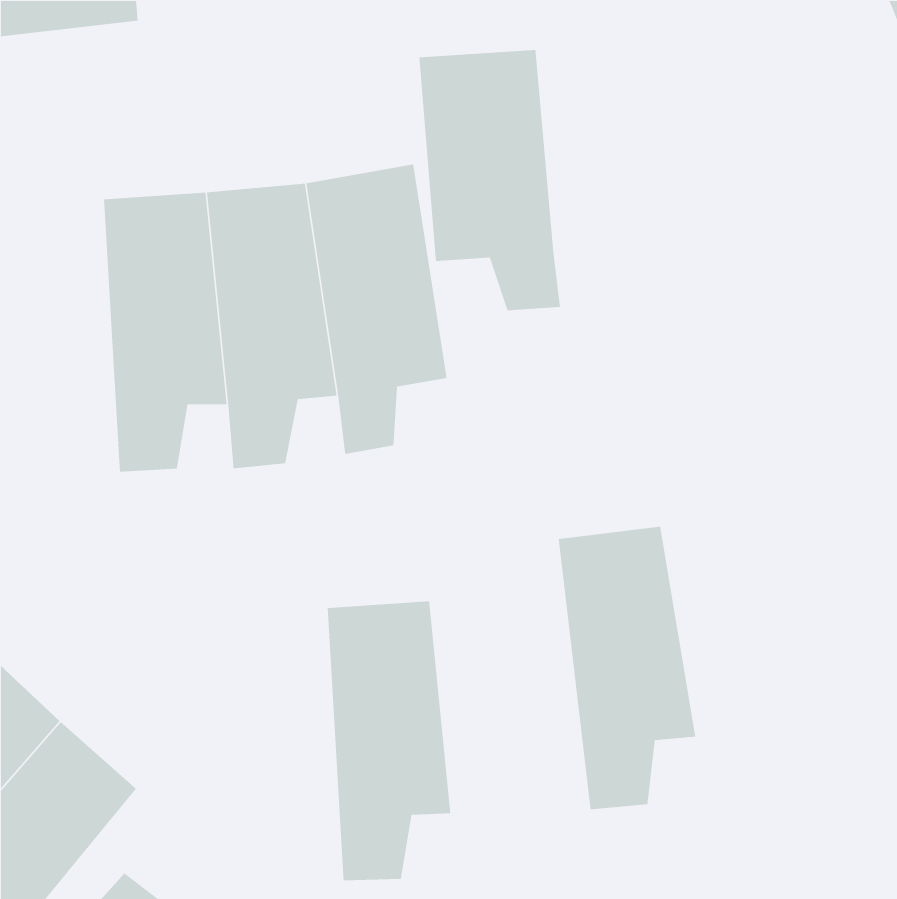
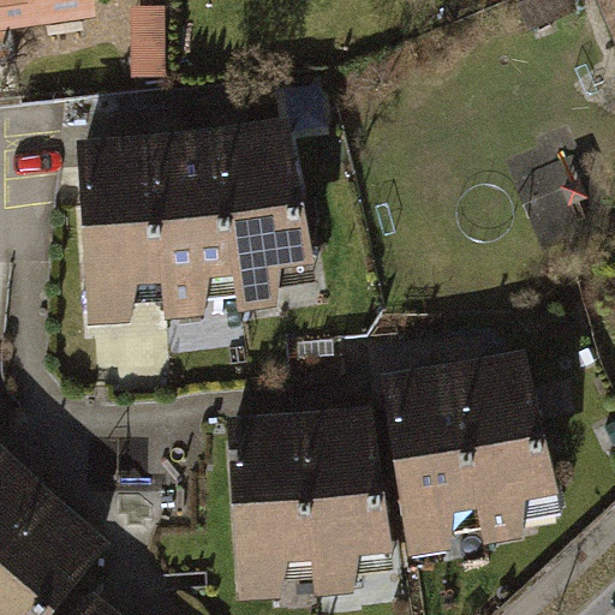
building: [419,49,561,311] -> none
building: none -> [454,352,551,548]
building: none -> [298,406,387,601]

